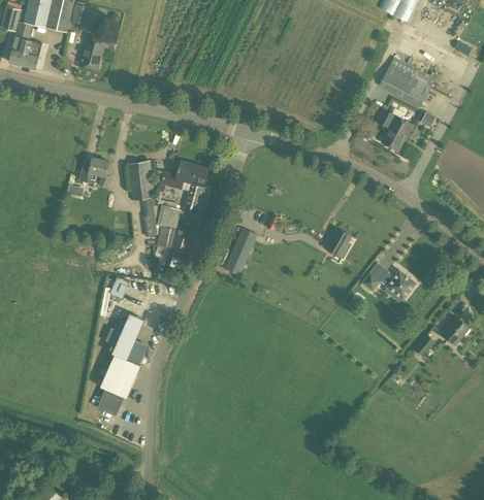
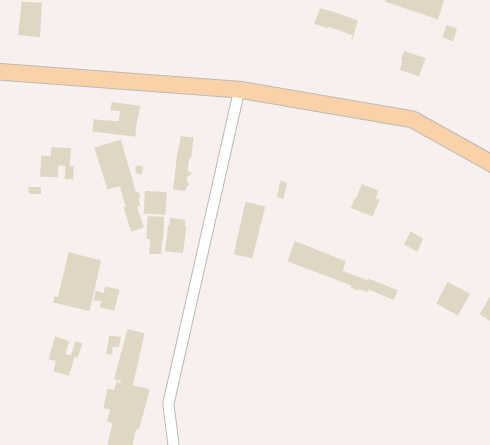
building: [376,109,413,140] -> [313,7,359,40]
building: [154,159,197,191] -> [91,101,141,137]
building: none -> [52,251,102,312]
building: none -> [287,240,399,301]
building: [386,269,416,299] -> [435,281,471,317]
building: none -> [48,336,83,376]

